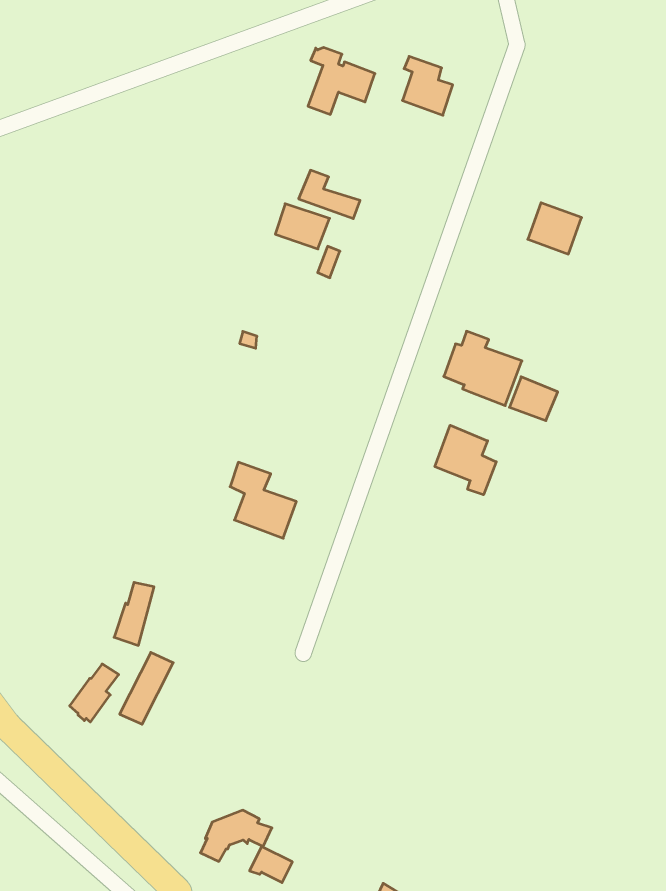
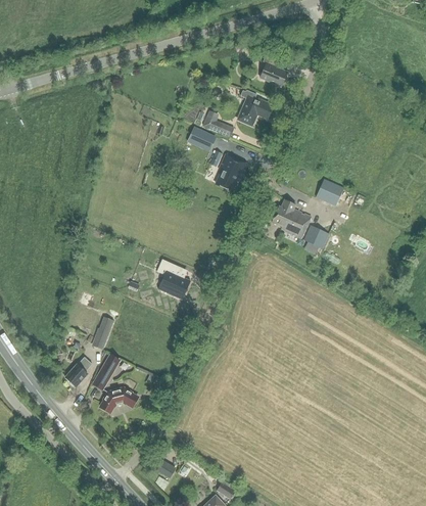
building: [308,48,375,114] -> [237,90,273,125]
building: [528,203,582,254] -> [316,178,344,205]
building: none -> [216,153,248,191]
building: [435,425,496,495] -> none
building: [200,810,272,861] -> [100,387,138,413]

